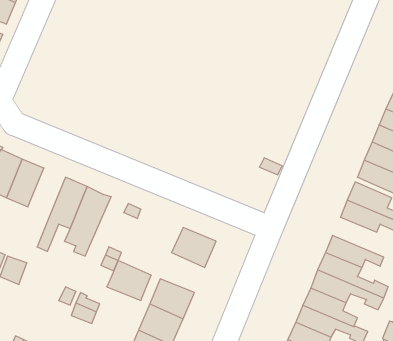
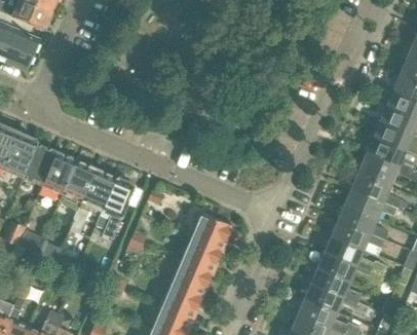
building: none -> [63,159,97,202]
building: none -> [337,203,387,239]
building: [107,260,151,300] -> [182,235,222,271]

